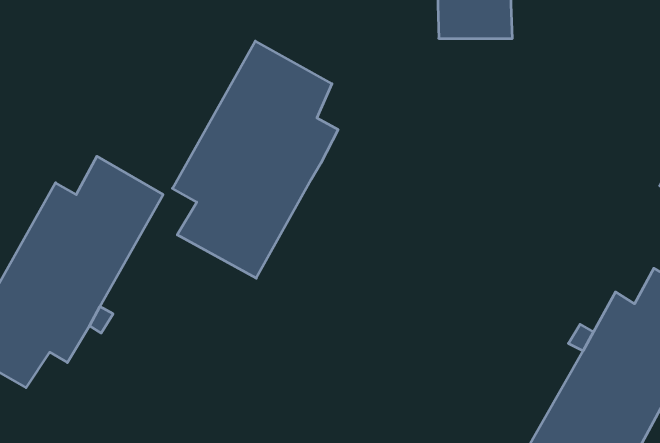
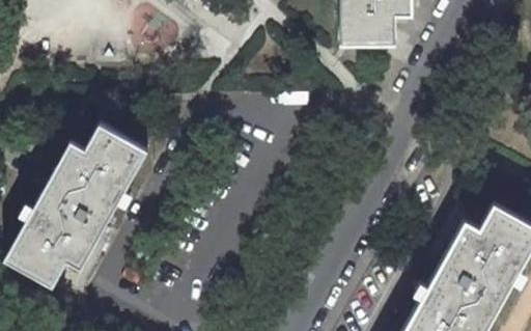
building: [172,41,338,278] -> none

